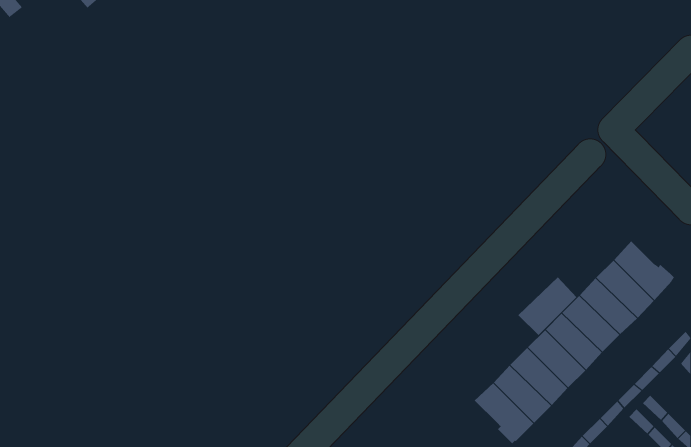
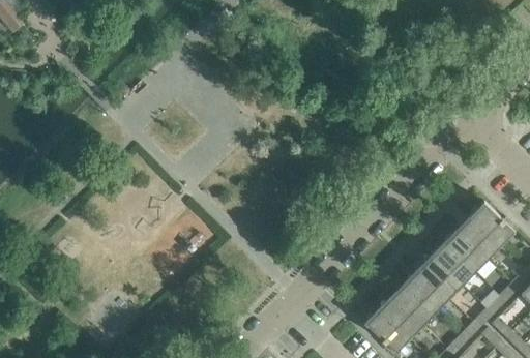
building: [518,277,577,336] -> none

